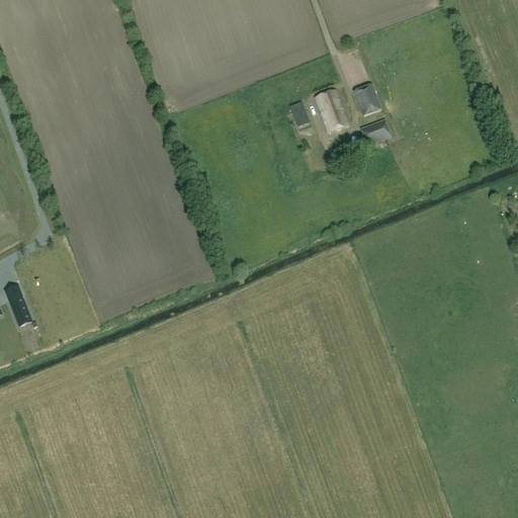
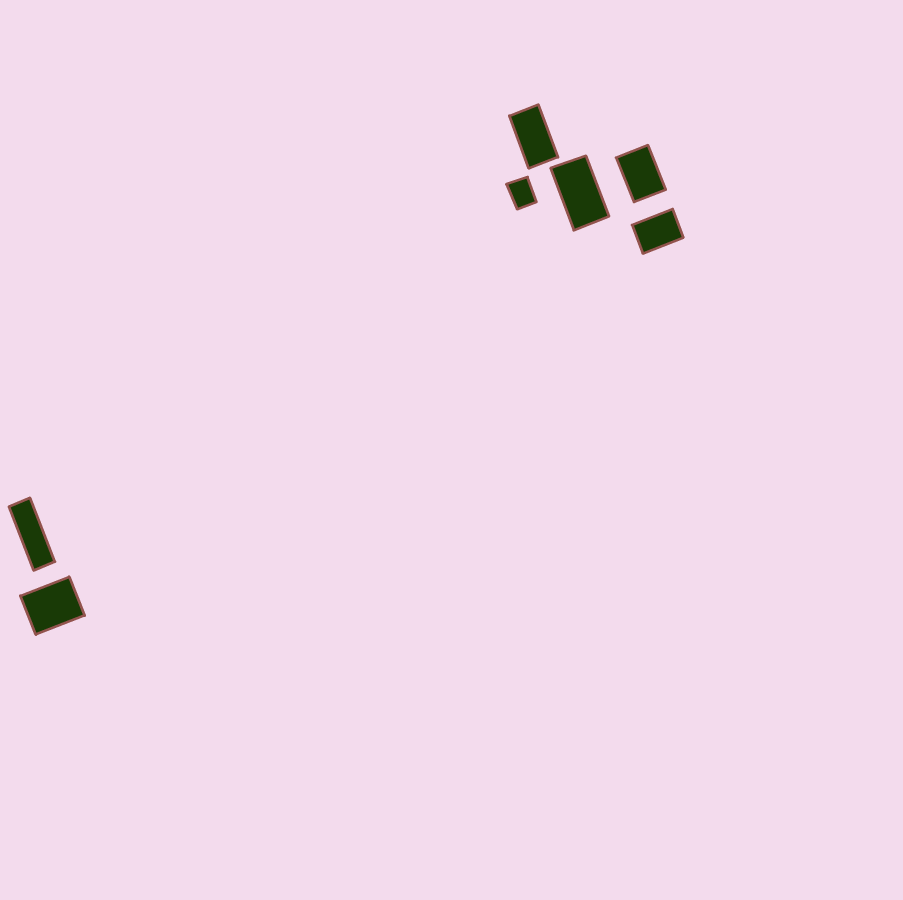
building: none -> [509,105,558,168]
building: none -> [20,577,85,635]

